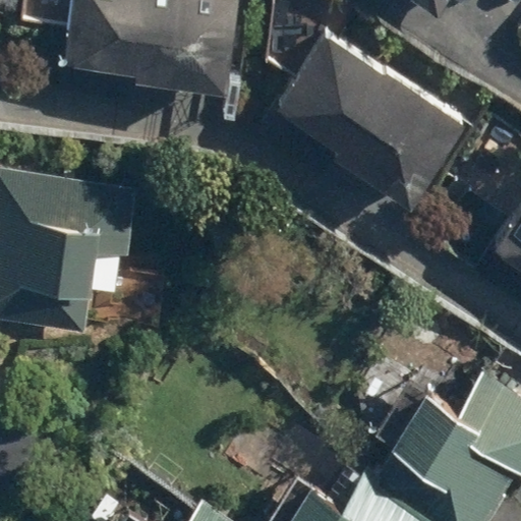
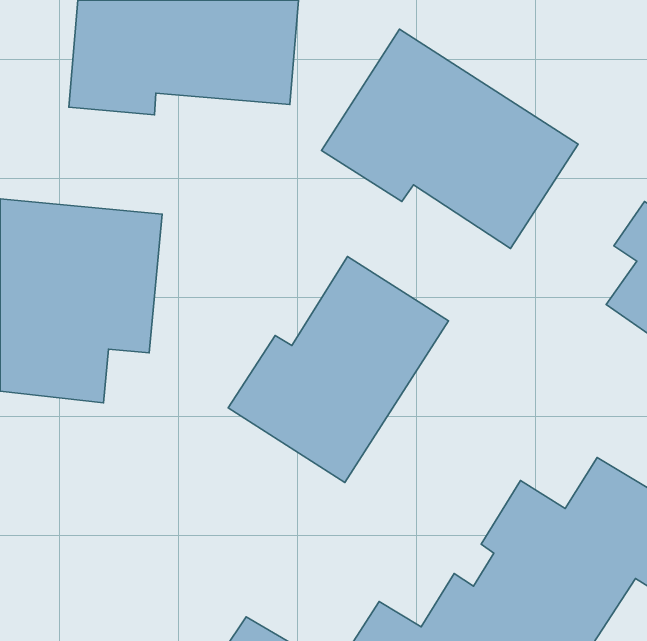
building: none -> [228,256,449,483]

